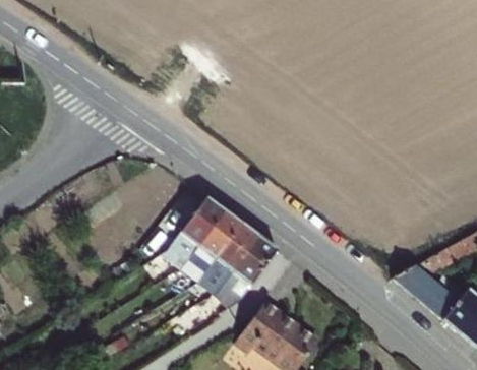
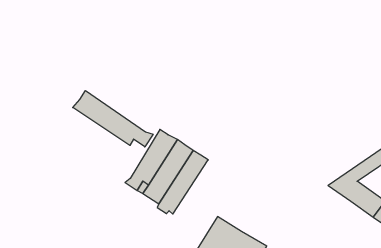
building: none -> [73,91,153,147]
building: [213,237,277,309] -> none

